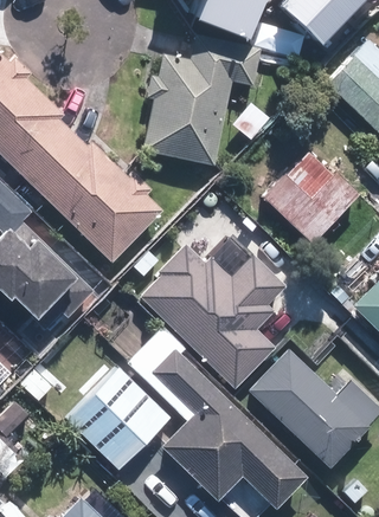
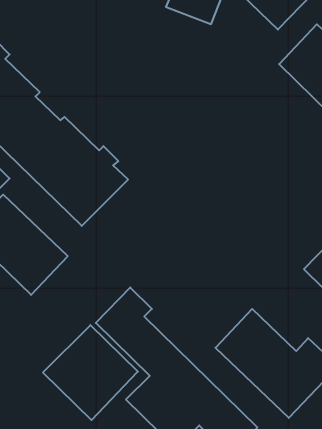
building: [139,37,256,167] -> none
building: [264,153,362,246] -> none
building: [141,245,285,388] -> none

